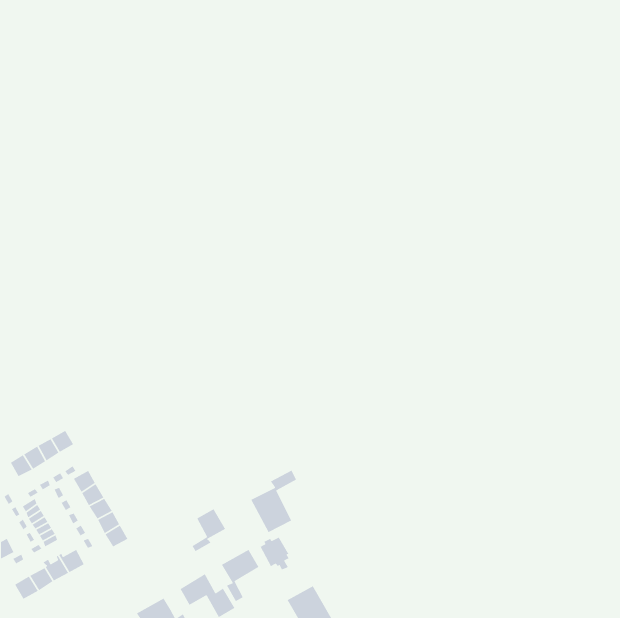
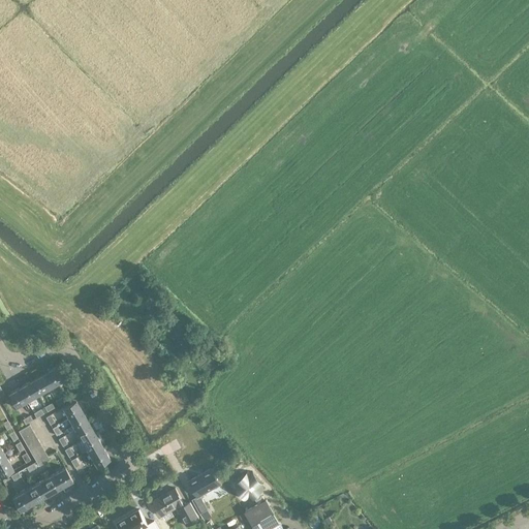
building: [250,469,297,533] -> none
building: [192,508,226,552] -> none

